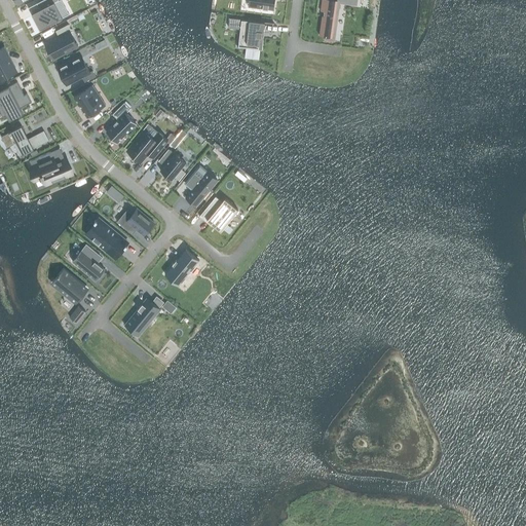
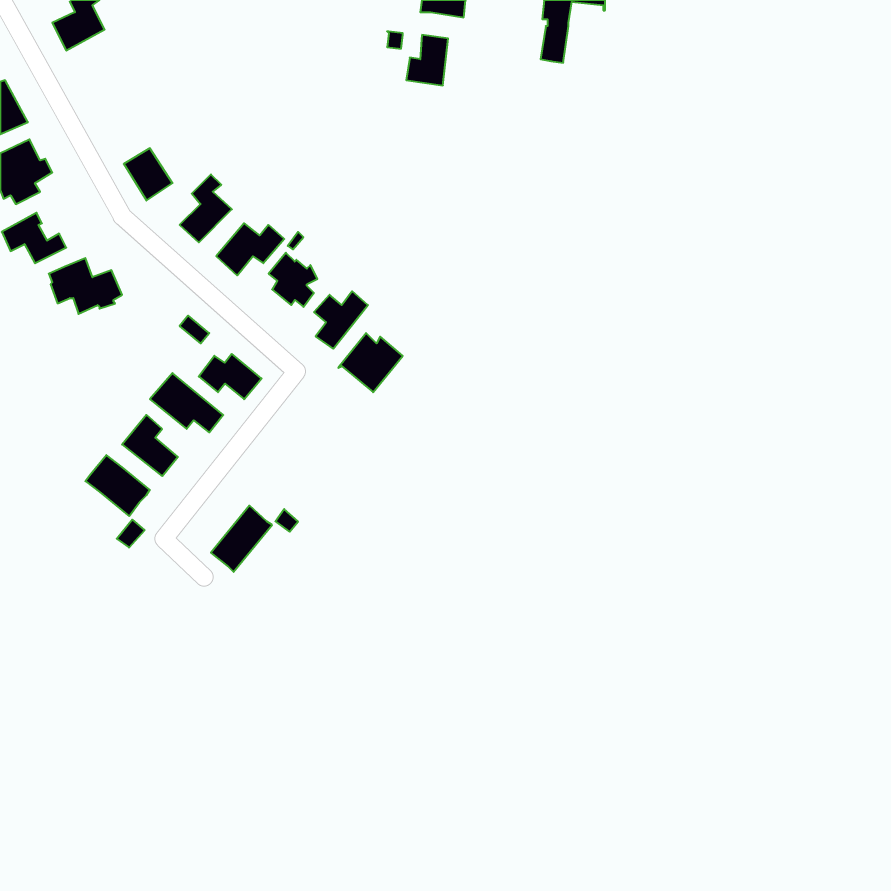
building: [44,25,77,60] -> none
building: [58,55,96,84] -> none
building: [164,250,199,286] -> none

